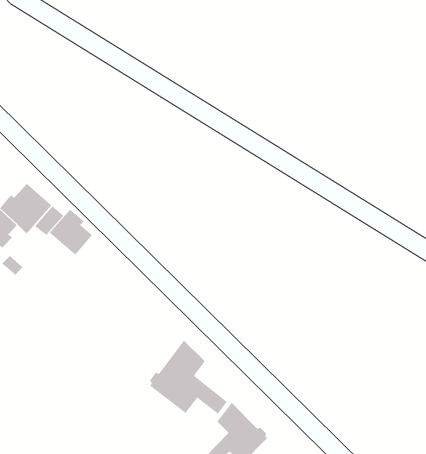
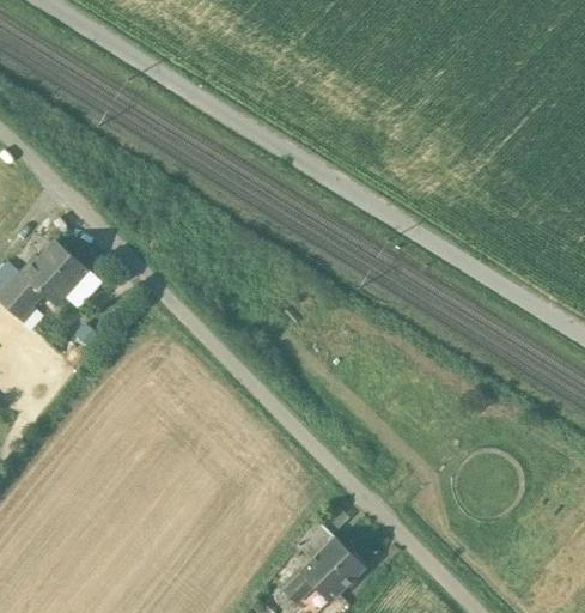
building: [49,209,93,255] -> none
building: [149,340,228,414] -> none

